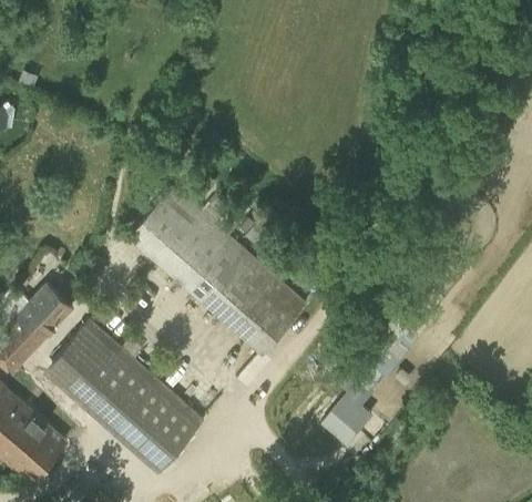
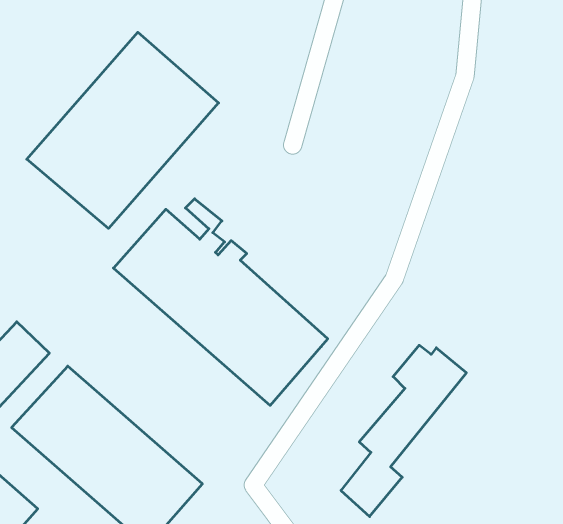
building: none -> [27,32,219,228]

